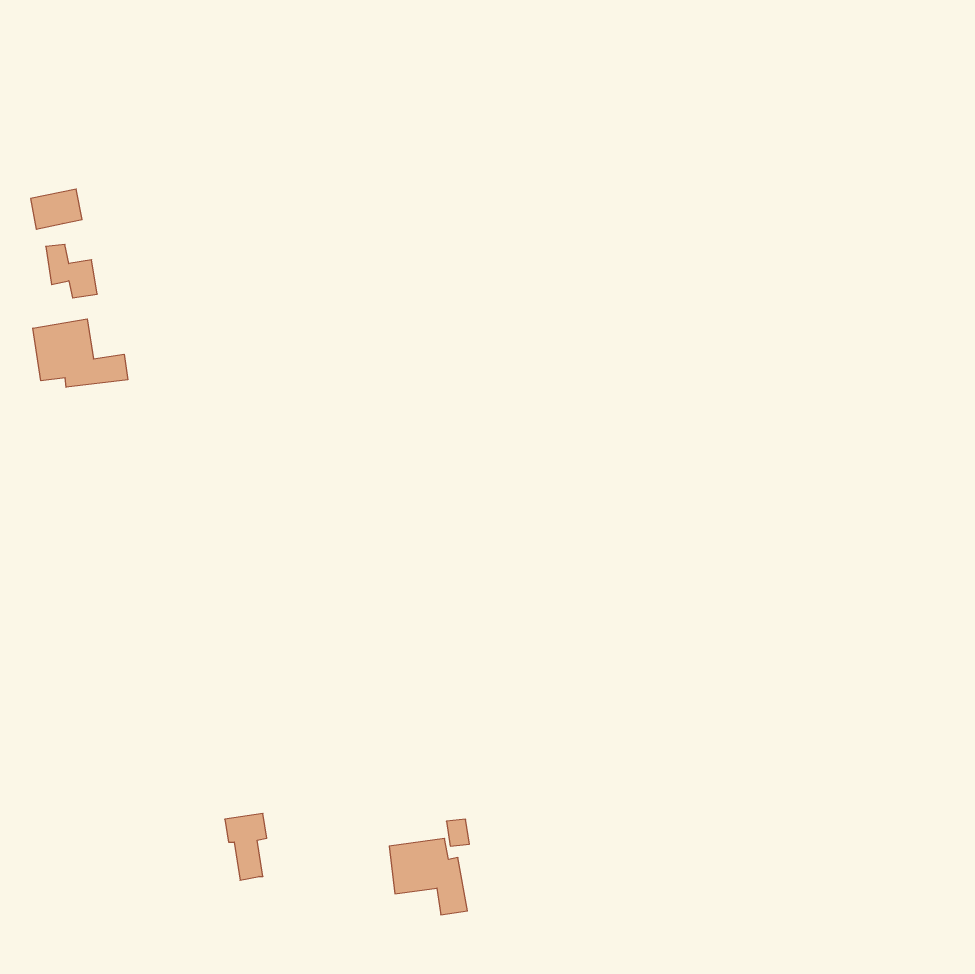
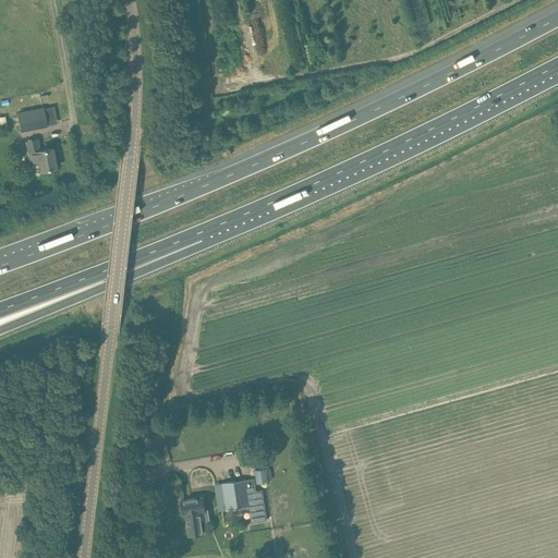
building: [33,319,128,387] -> none
building: [225,813,267,880] -> [181,498,205,536]

